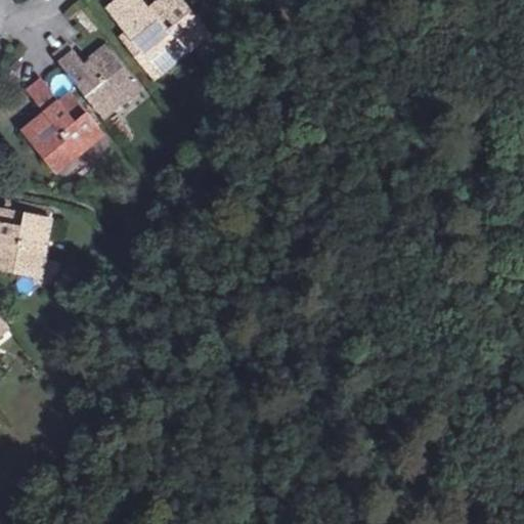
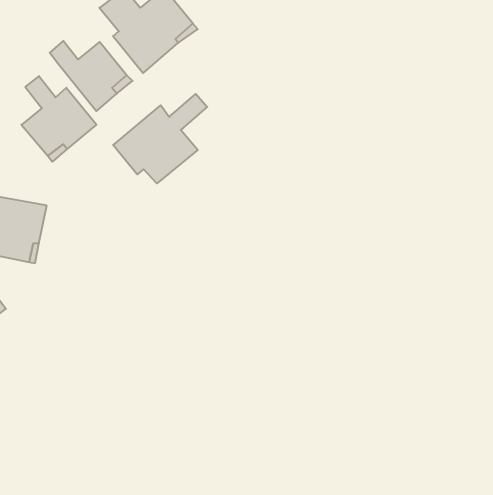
building: none -> [113,94,207,183]

